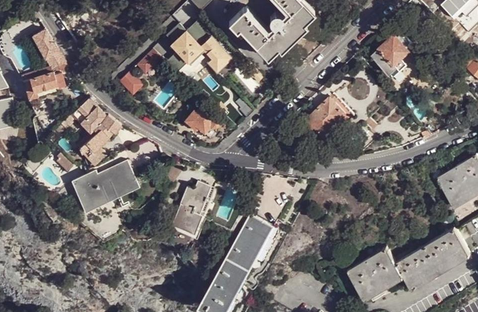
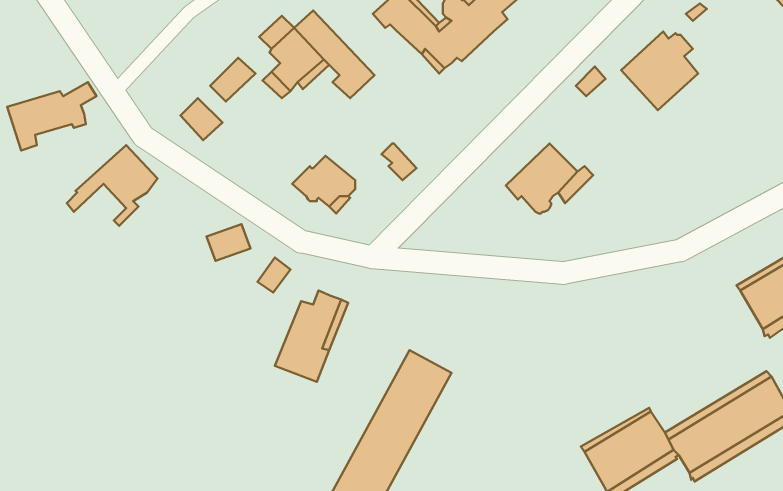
building: [32,30,65,71] -> none
building: [78,117,119,167] -> none
building: [72,162,139,213] -> none

